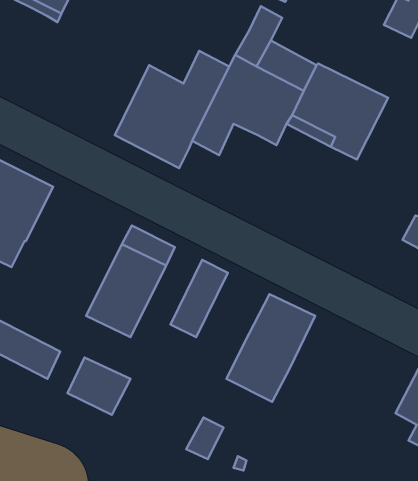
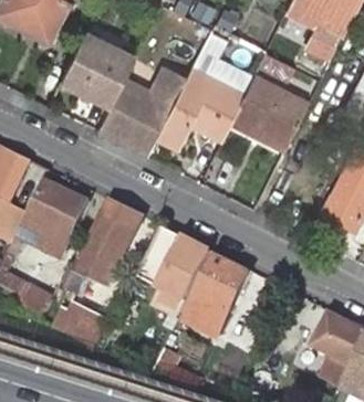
building: none -> [61,35,134,107]
building: none -> [18,182,91,258]
building: none -> [160,237,215,302]

